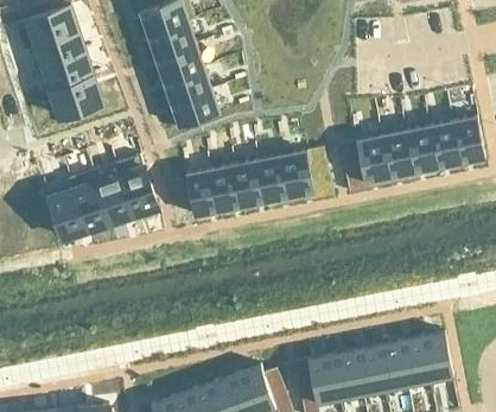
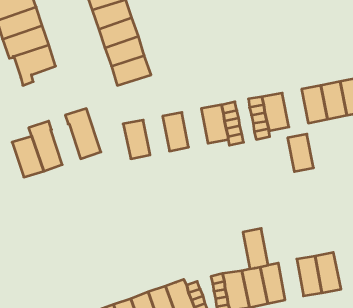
building: [381,132,413,178] -> [288,134,314,172]
building: [257,156,290,203] -> none
building: [210,165,242,213] -> none
building: [96,175,133,224] -> none
building: [376,341,407,391] -> [243,228,268,269]

